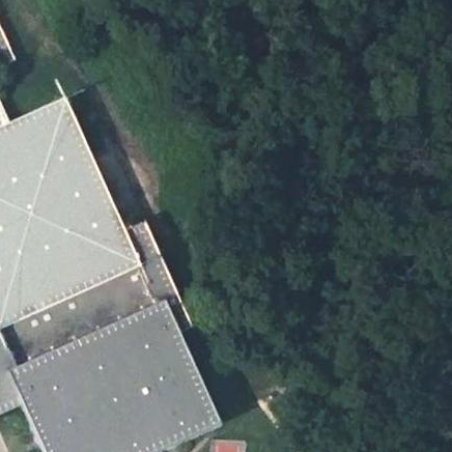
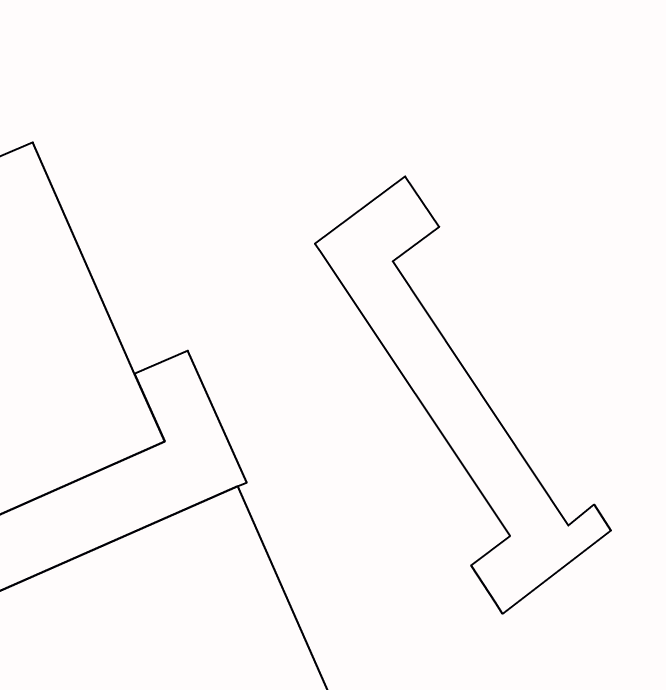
building: none -> [315,176,611,614]

